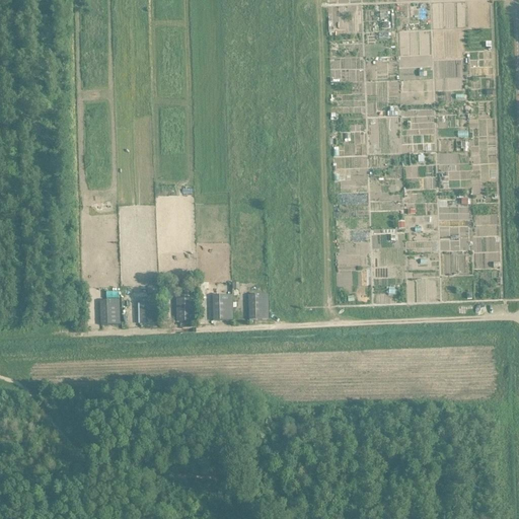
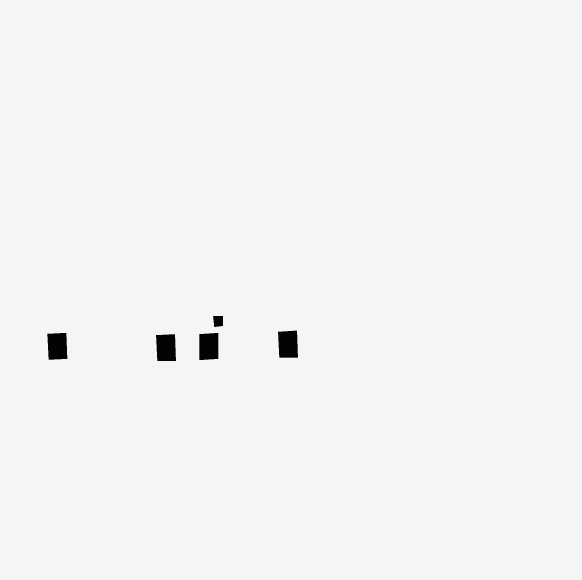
building: [210,294,229,319] -> none
building: [98,298,118,323] -> [47,332,68,361]

